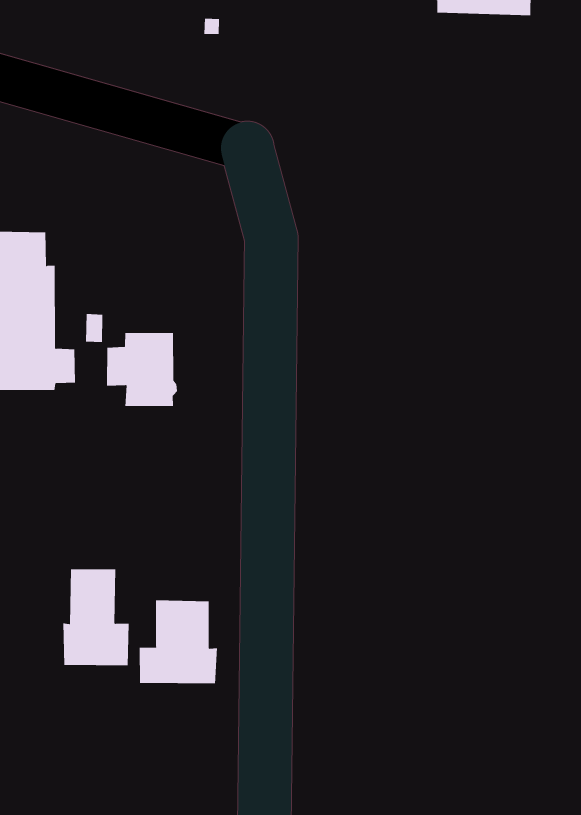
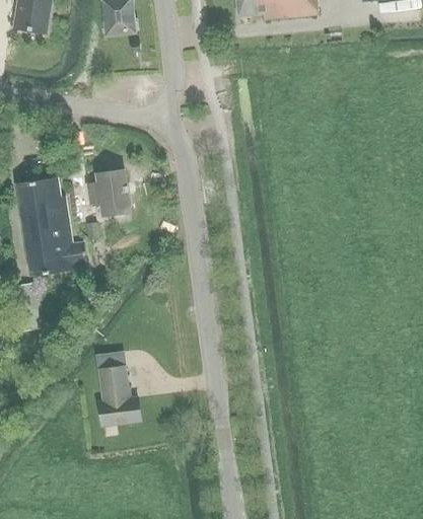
building: [106,332,178,407] -> [86,168,131,215]
building: [139,600,217,684] -> none

